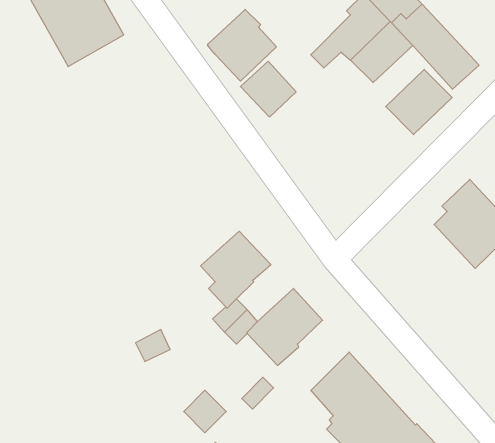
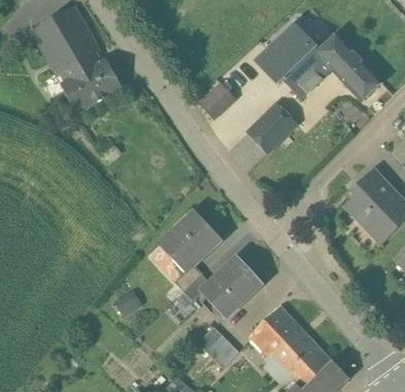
building: [207,9,276,81] -> none
building: none -> [60,59,121,113]
building: [386,69,452,135] -> [245,101,297,152]
building: [184,390,226,433] -> [205,334,238,367]

